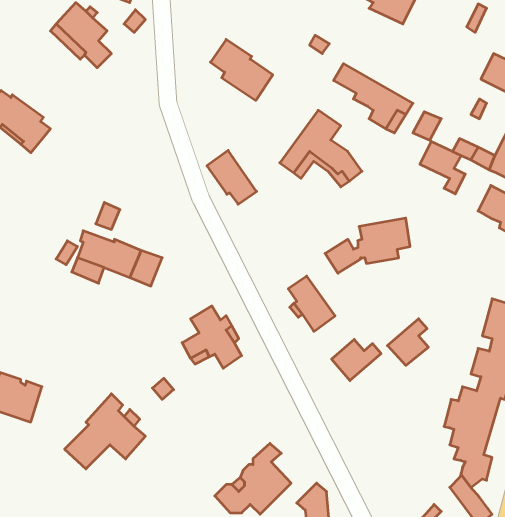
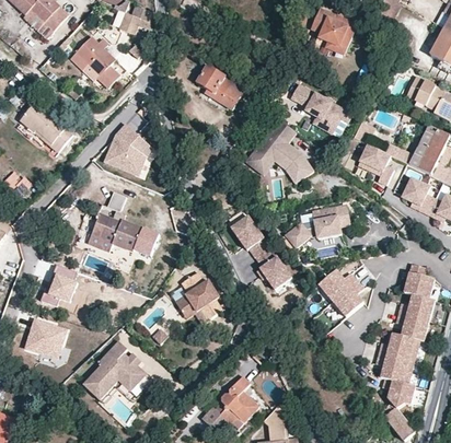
building: none -> [103,125,152,177]
building: [207,150,257,204] -> [231,215,269,257]
building: none -> [41,264,77,306]
building: [332,339,381,381] -> [317,269,356,301]

